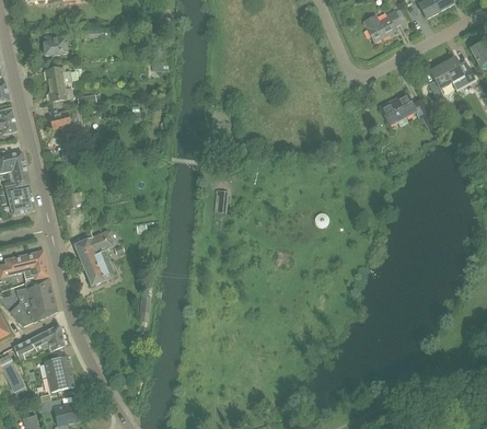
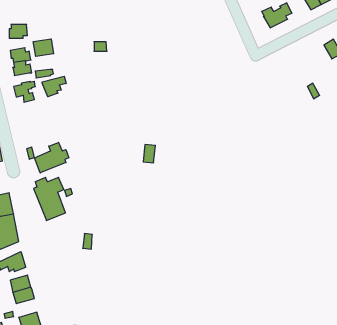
building: none -> [33,39,54,56]
building: [427,63,451,100] -> none
building: [378,92,415,125] -> none
building: none -> [42,76,66,97]
building: none -> [34,142,69,173]

